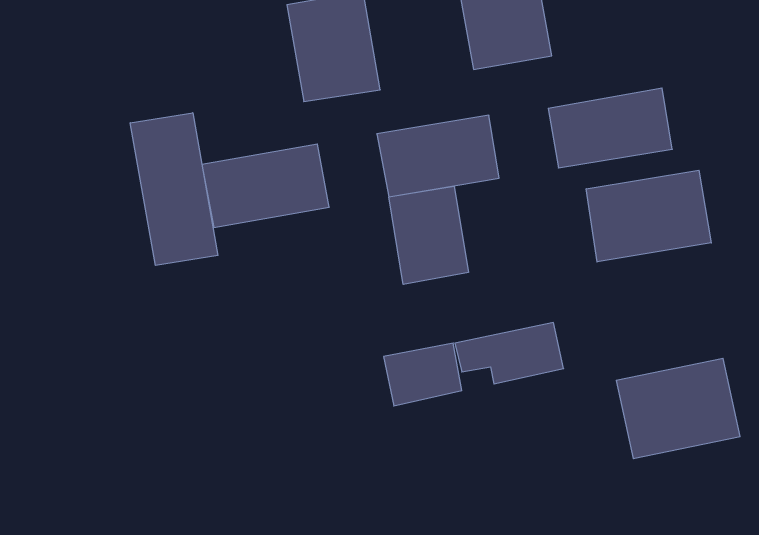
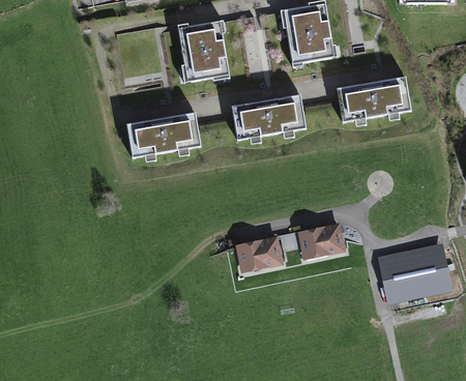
building: [130,113,218,265] -> none
building: [586,170,711,262] -> none
building: [389,186,468,284] -> none

